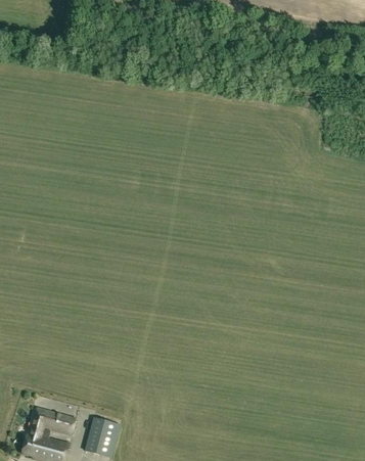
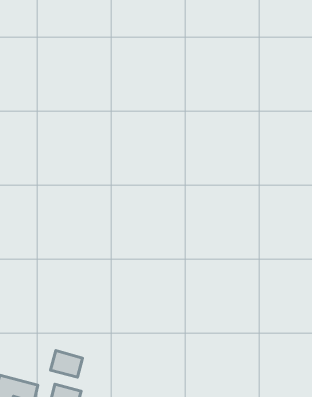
building: none -> [50,350,82,377]

